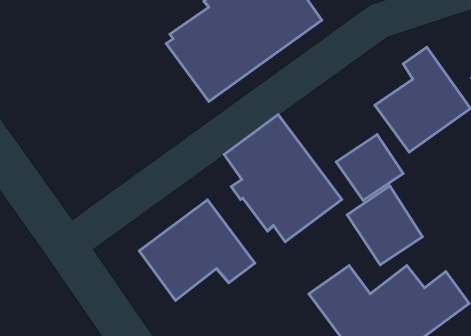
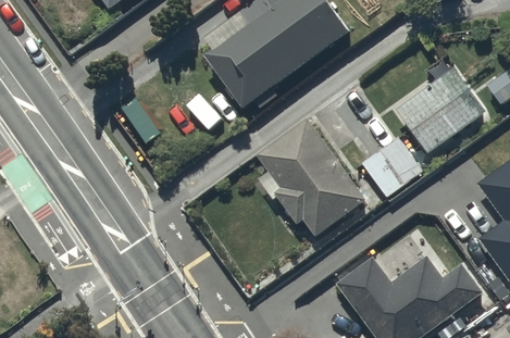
building: [347,186,423,265] -> none
building: [139,200,255,300] -> none

